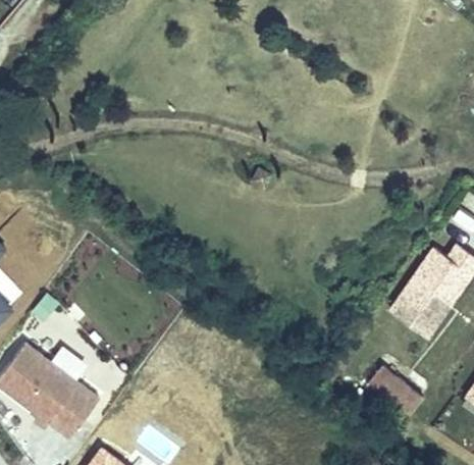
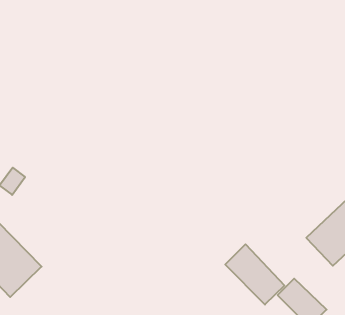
building: none -> [225,244,284,305]

